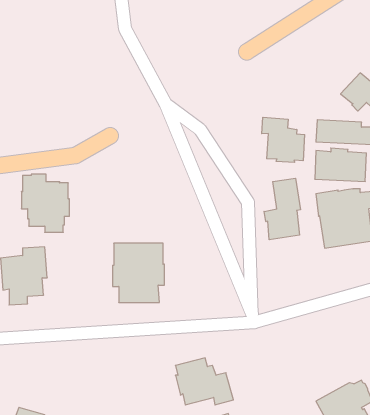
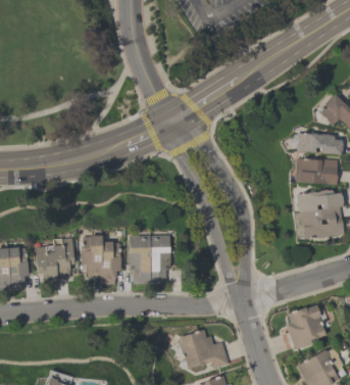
building: [262,117,305,162] -> none
building: [21,174,69,232] -> [81,236,120,284]
building: [264,178,300,240] -> none
building: none -> [286,304,326,349]

